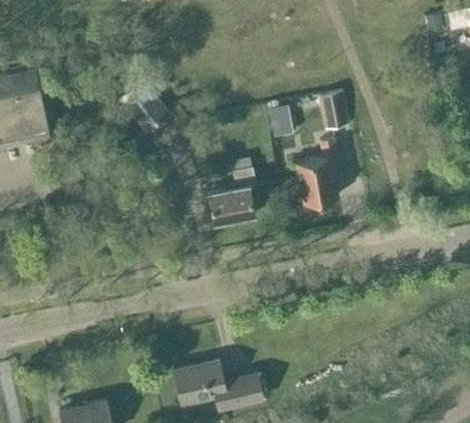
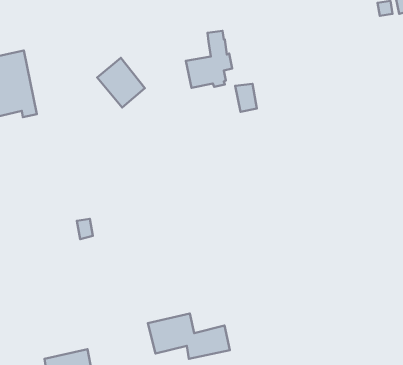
building: [317,89,347,127] -> none
building: [294,138,340,203] -> none
building: [207,157,258,220] -> [186,31,232,88]

